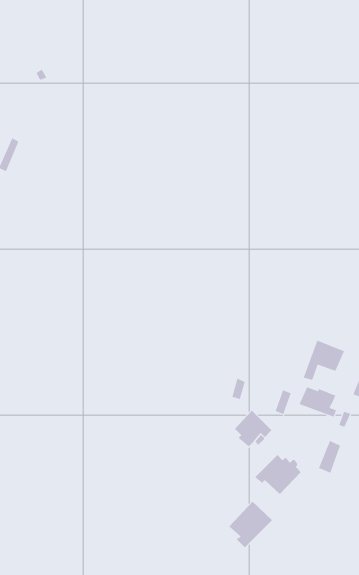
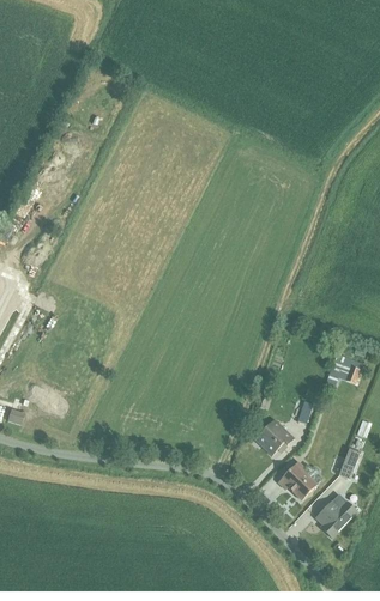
building: [299,387,337,417] -> none
building: [228,501,273,548] -> [315,493,357,538]

